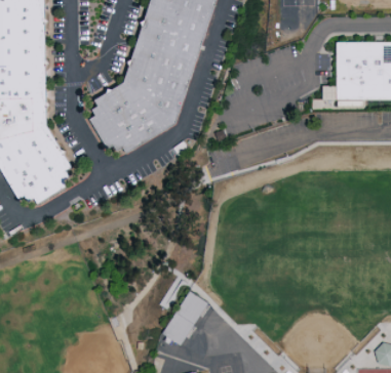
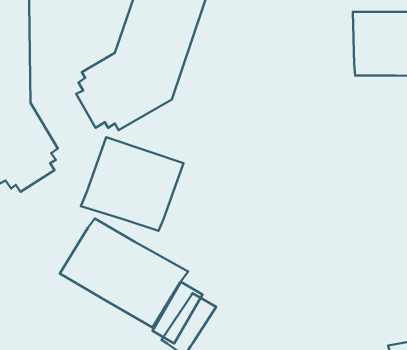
building: none -> [81,137,183,231]
building: none -> [60,219,188,328]

